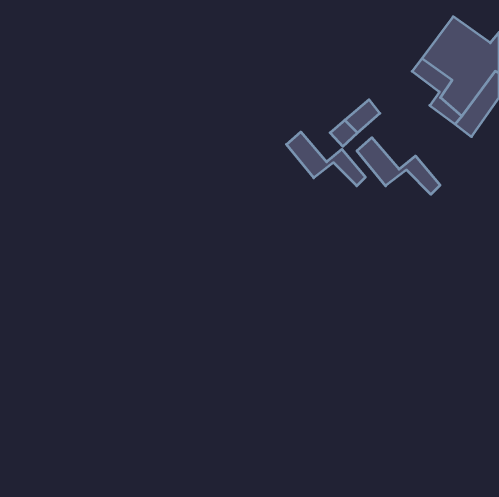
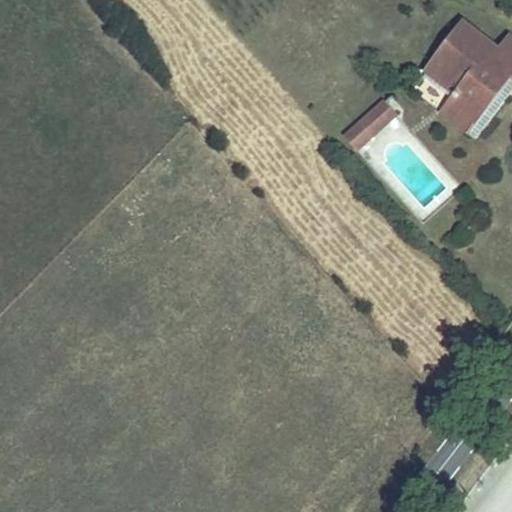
building: [286,132,365,186] -> none
building: [357,138,440,194] -> none

